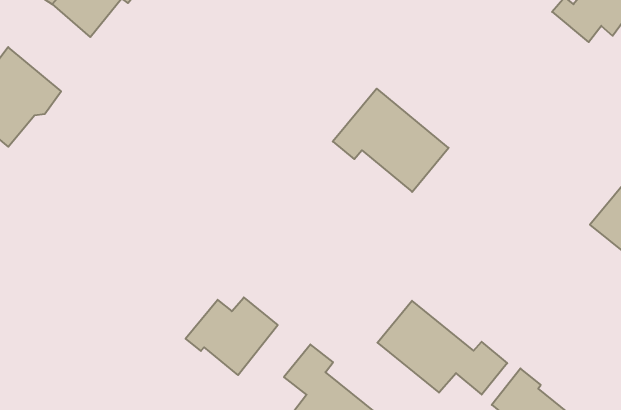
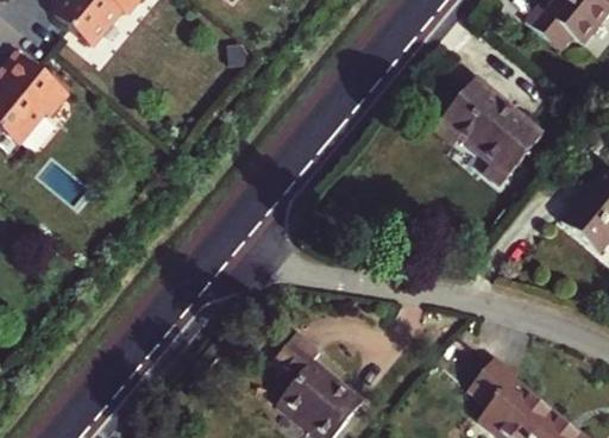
building: [333,89,449,192] -> [434,79,544,176]
building: [186,297,278,375] -> none
building: [377,301,507,395] -> none

